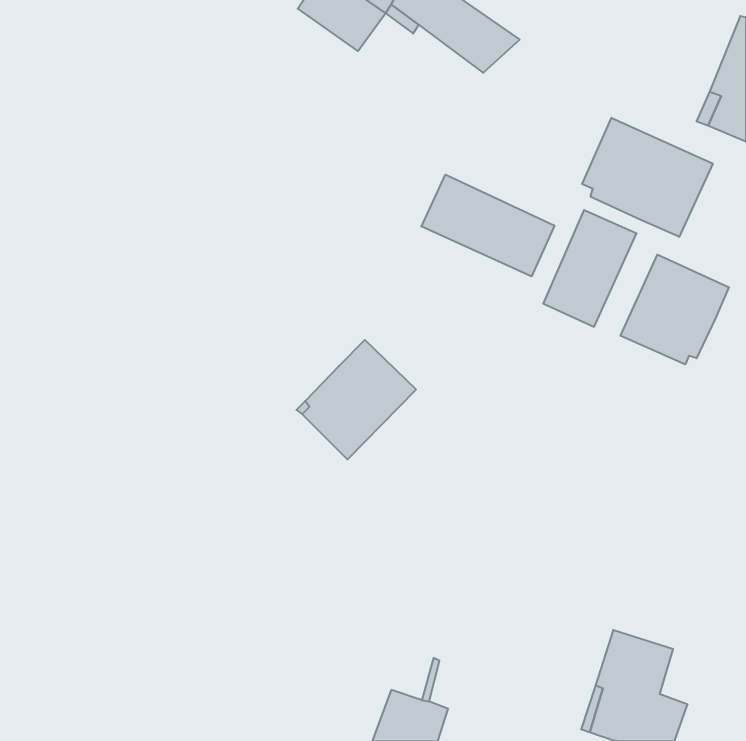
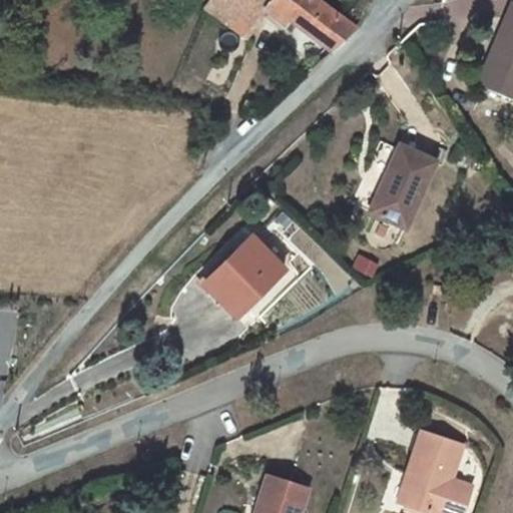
building: [582,118,713,237] -> none
building: [421,175,554,276] -> none
building: [621,255,729,364] -> none

